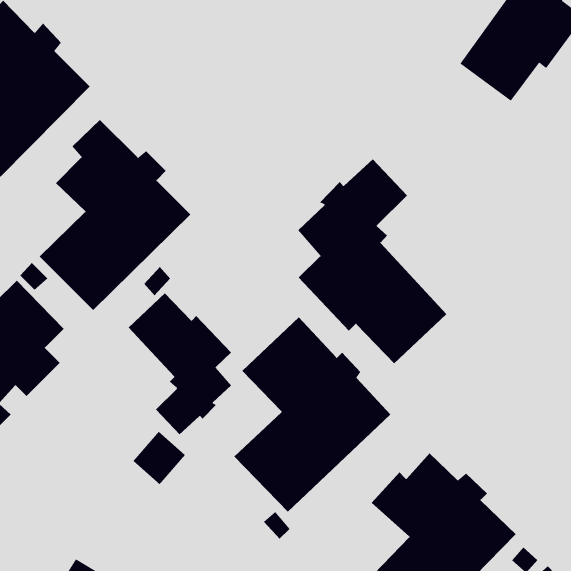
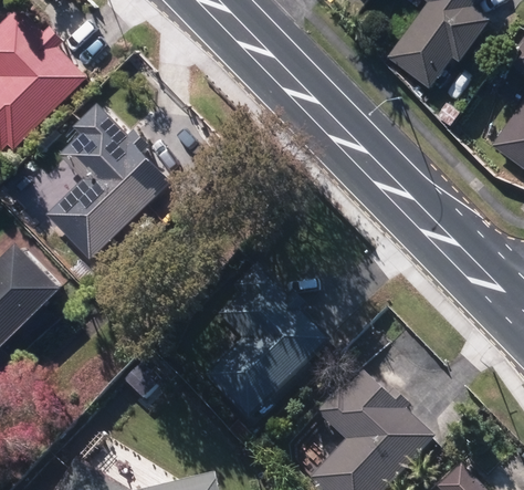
building: [298,158,447,364] -> none
building: [128,293,232,435] -> none

